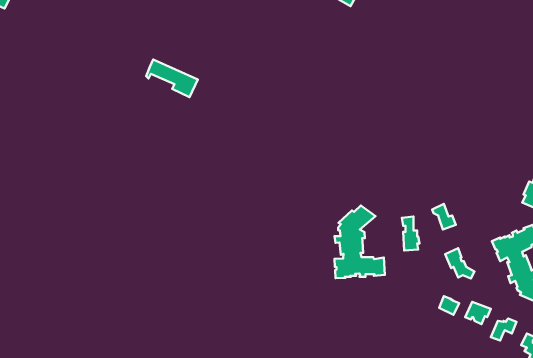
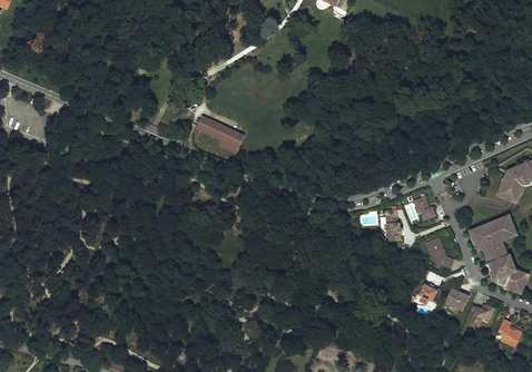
building: [146,60,198,97] -> [194,116,243,151]
building: [334,206,385,278] -> none

